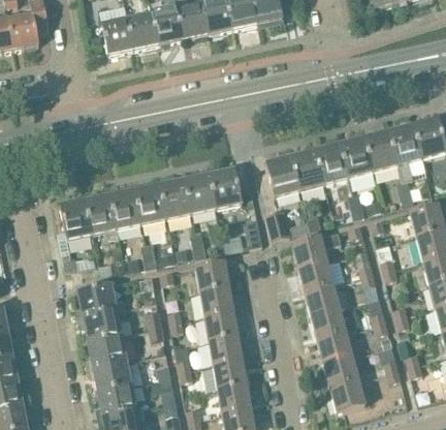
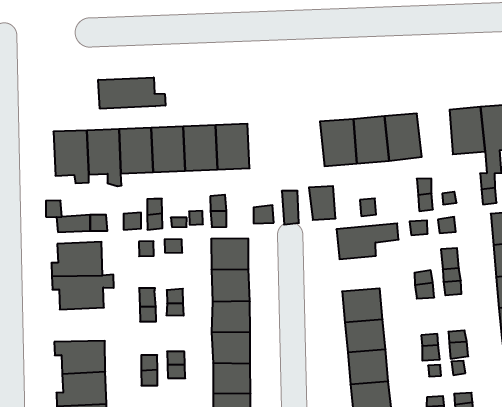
building: [340,136,373,177] -> none
building: none -> [98,77,165,109]
building: [210,168,242,208] -> none
building: [298,259,333,291] -> none
building: [86,335,127,368] -> none

